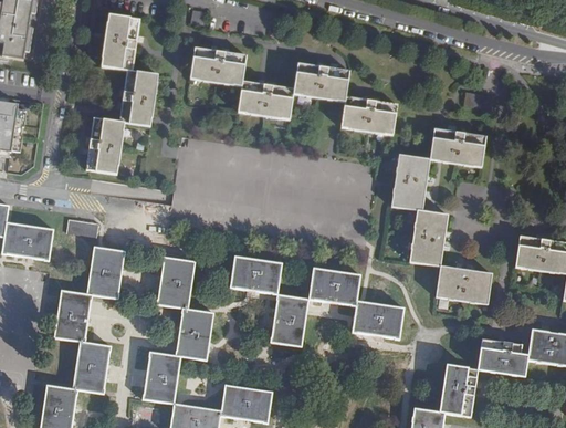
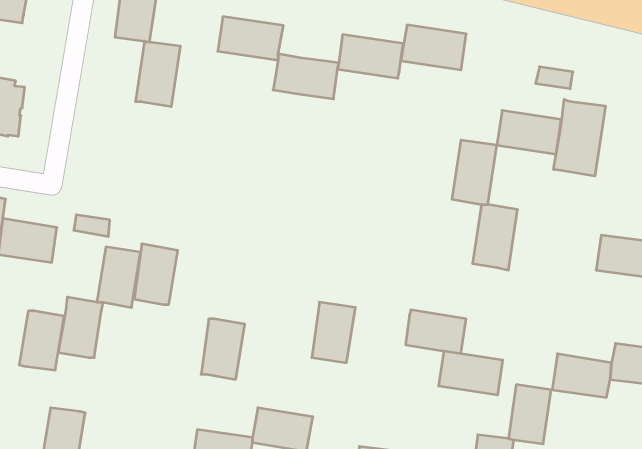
building: [340,96,397,135] -> [401,25,466,70]
building: [86,117,124,174] -> none
building: none -> [554,99,605,176]
building: [157,257,195,309] -> [134,244,178,304]
building: [230,257,282,294] -> none
building: [436,267,491,304] -> [439,351,503,395]
building: [308,269,360,305] -> none
building: [72,342,111,393] -> [19,311,64,370]
building: [143,352,180,404] -> none

